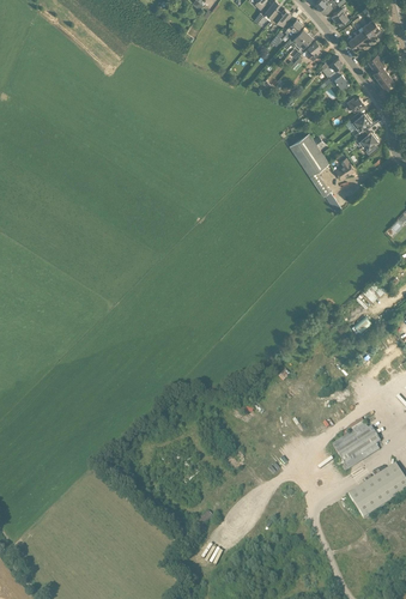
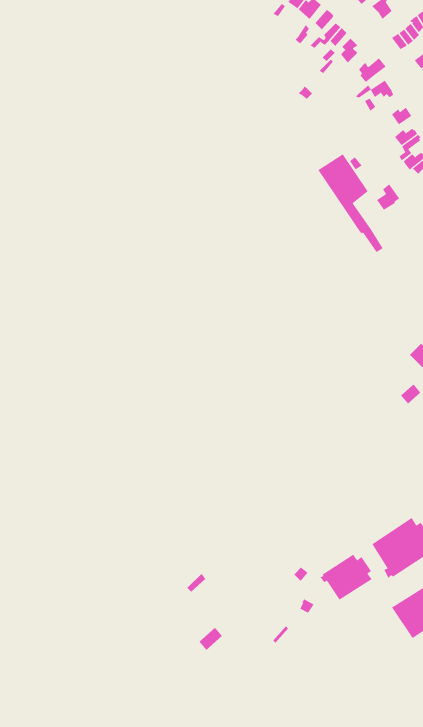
building: none -> [319,554,372,600]

